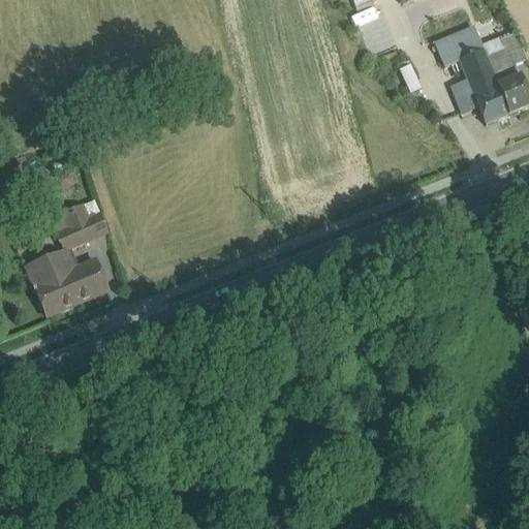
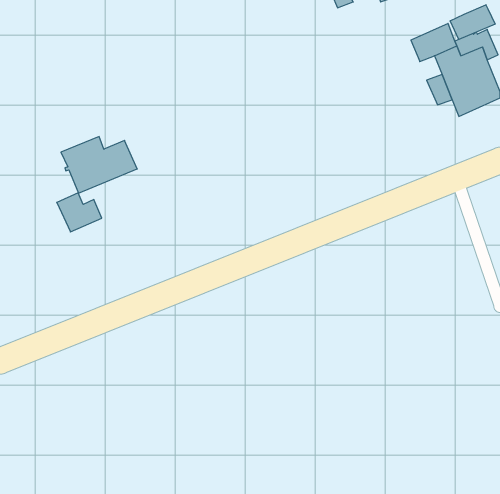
building: none -> [450,5,495,39]
building: [27,254,107,314] -> [61,137,137,193]

